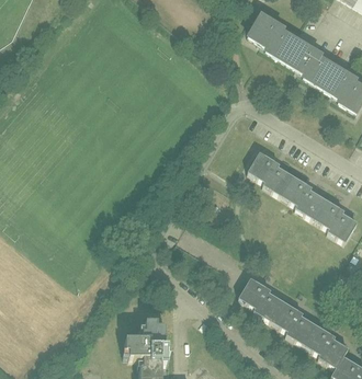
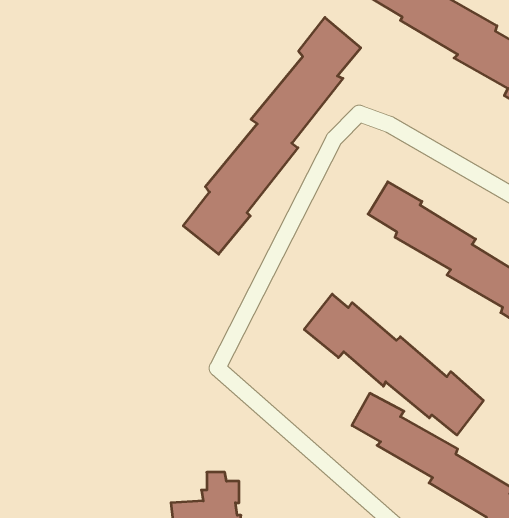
building: none -> [183,17,361,254]
building: none -> [304,294,483,435]

